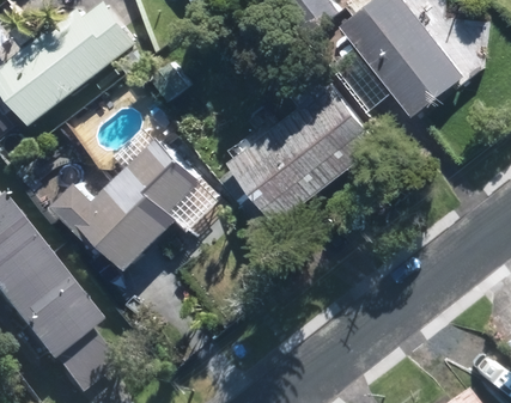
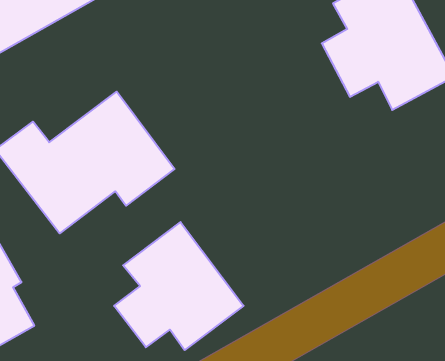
building: [232,79,378,216] -> none
building: none -> [114,222,244,350]

